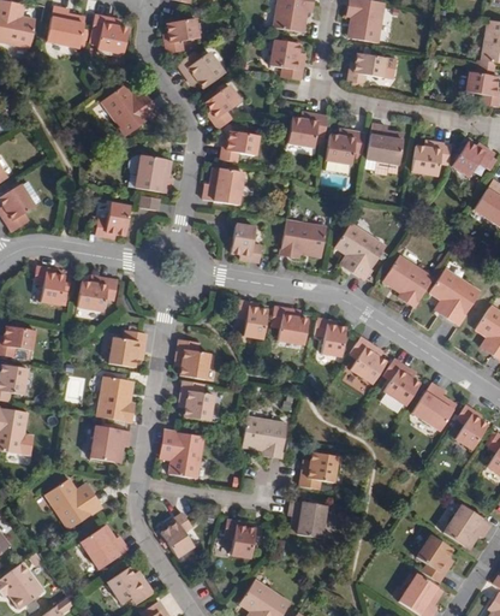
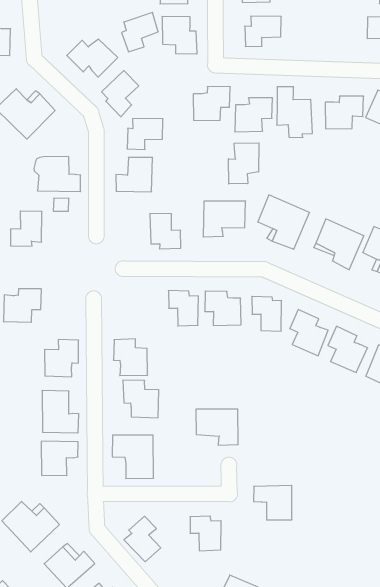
building: [165,19,200,53] -> [122,12,158,52]
building: none -> [229,143,259,184]
building: [300,456,340,490] -> none

